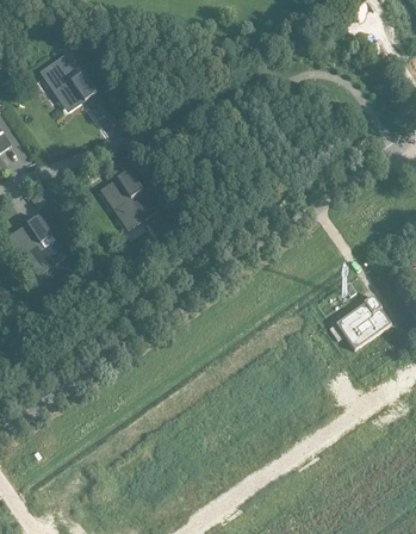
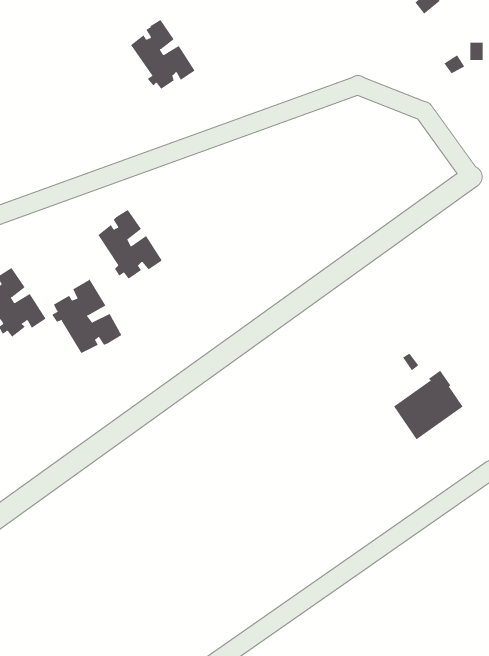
building: [43,52,94,107] -> [130,19,196,90]
building: none -> [52,278,122,354]

